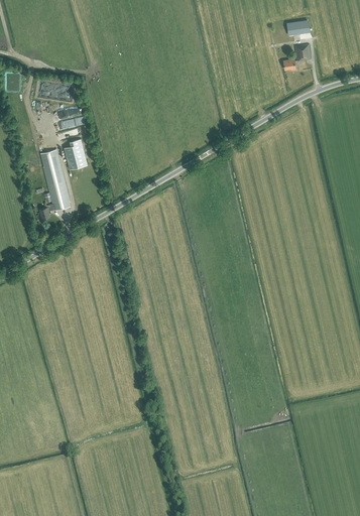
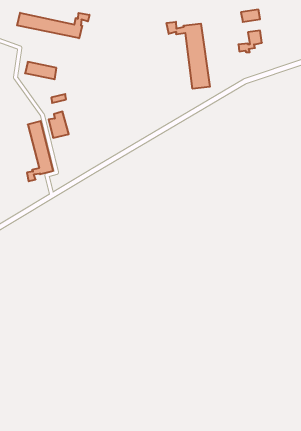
building: none -> [17,13,89,38]
building: none -> [167,22,210,89]

